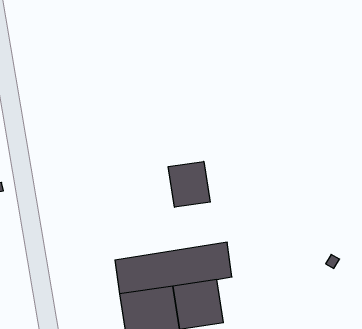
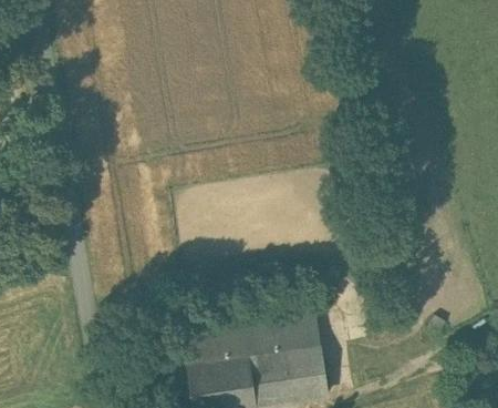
building: [168,161,210,207] -> none
building: none -> [302,345,328,399]

